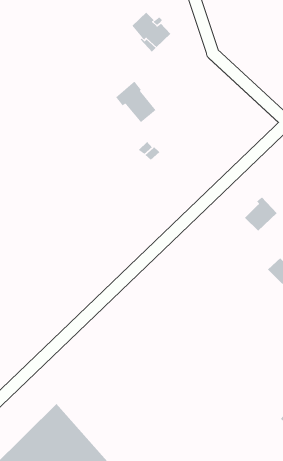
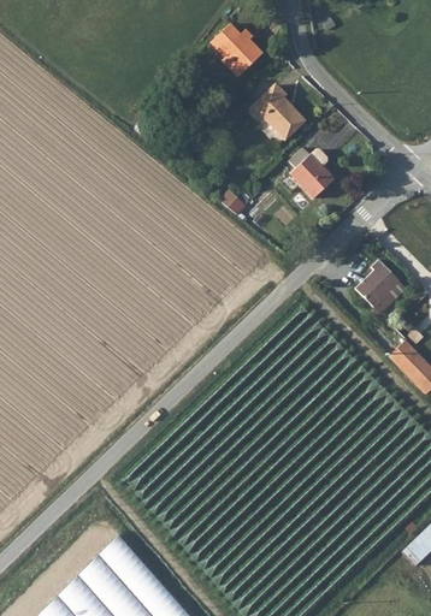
building: [115,81,157,123] -> [253,85,307,141]
building: none -> [291,153,336,201]

